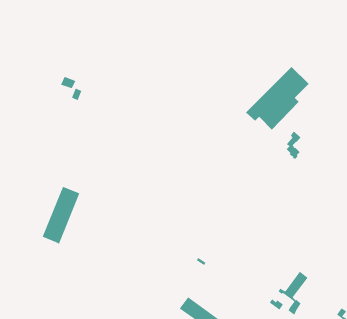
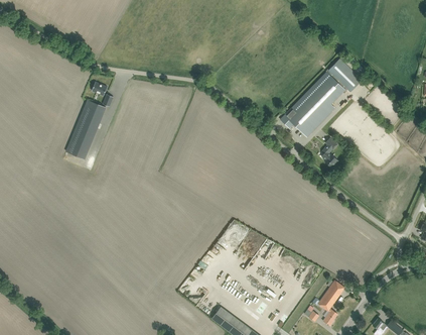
building: none -> [328,59,362,92]
building: [42,186,80,245] -> [66,100,106,159]

